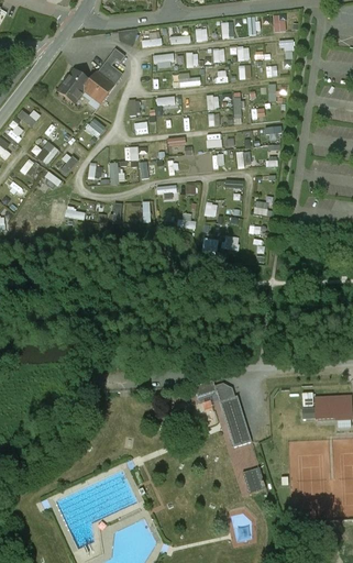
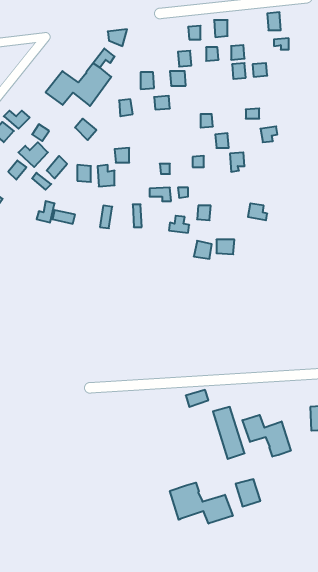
building: none -> [242,415,291,457]
building: none -> [170,483,233,524]

